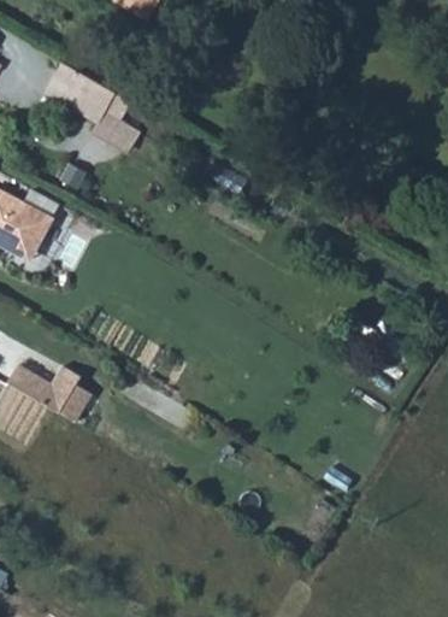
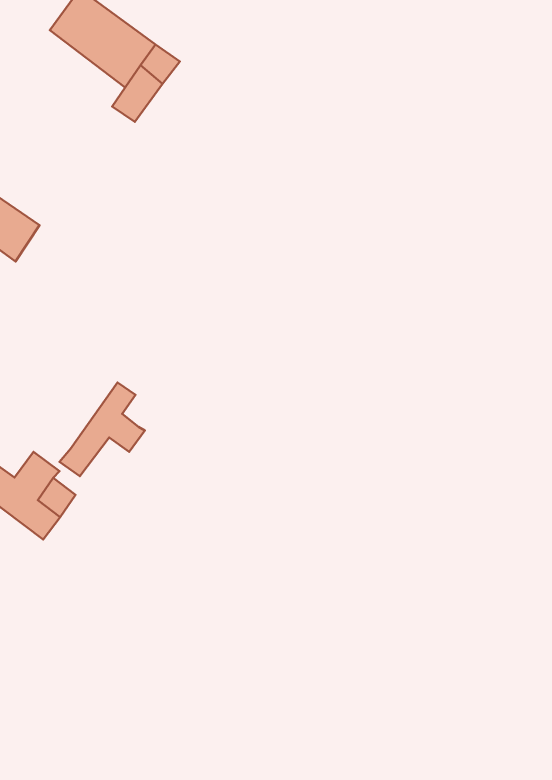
building: none -> [60,382,145,476]

